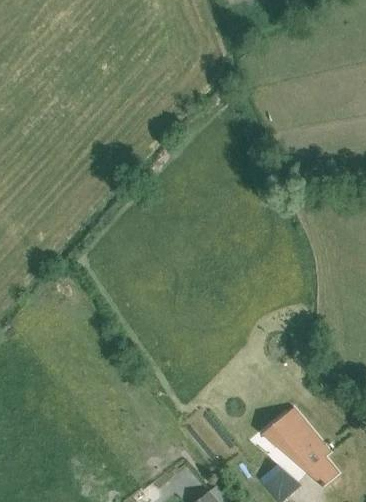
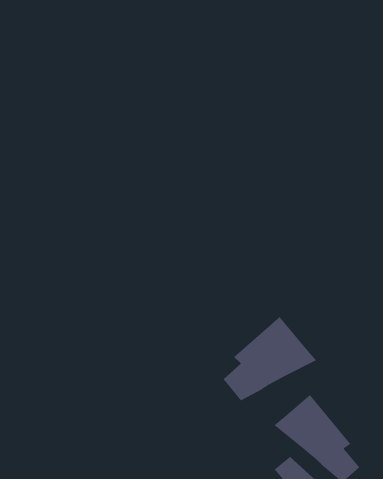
building: none -> [223,316,317,401]

